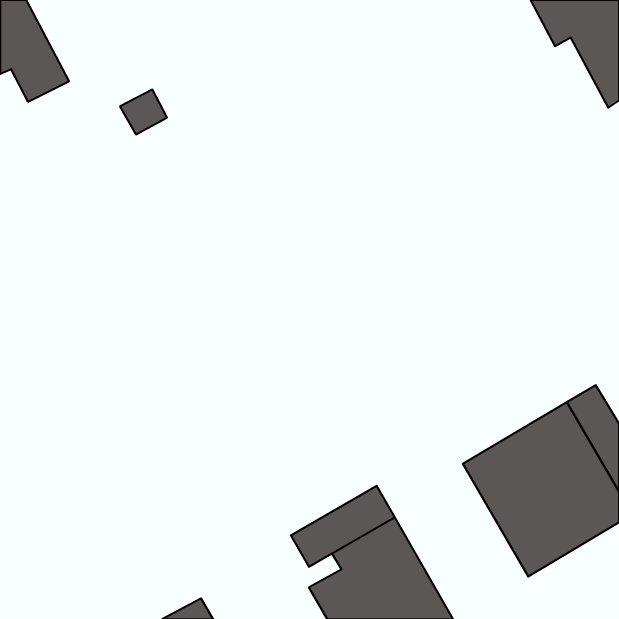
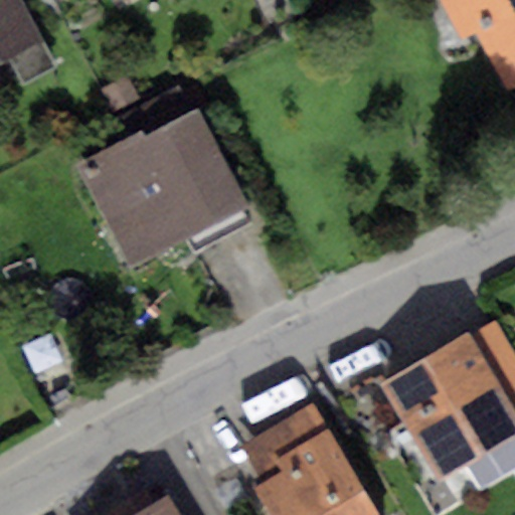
building: none -> [77,109,250,269]

